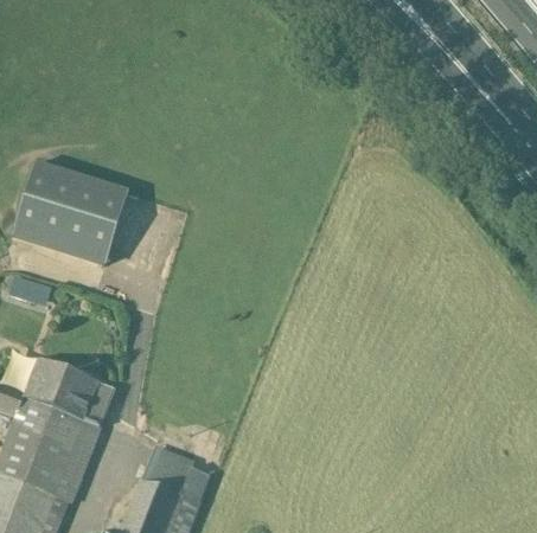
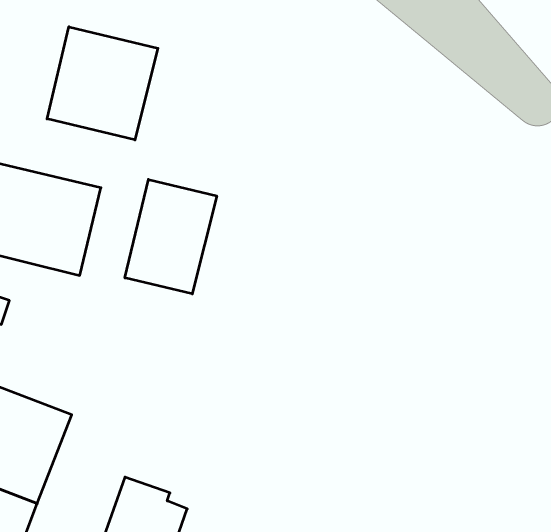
building: none -> [47,27,158,140]
building: none -> [125,179,217,294]

